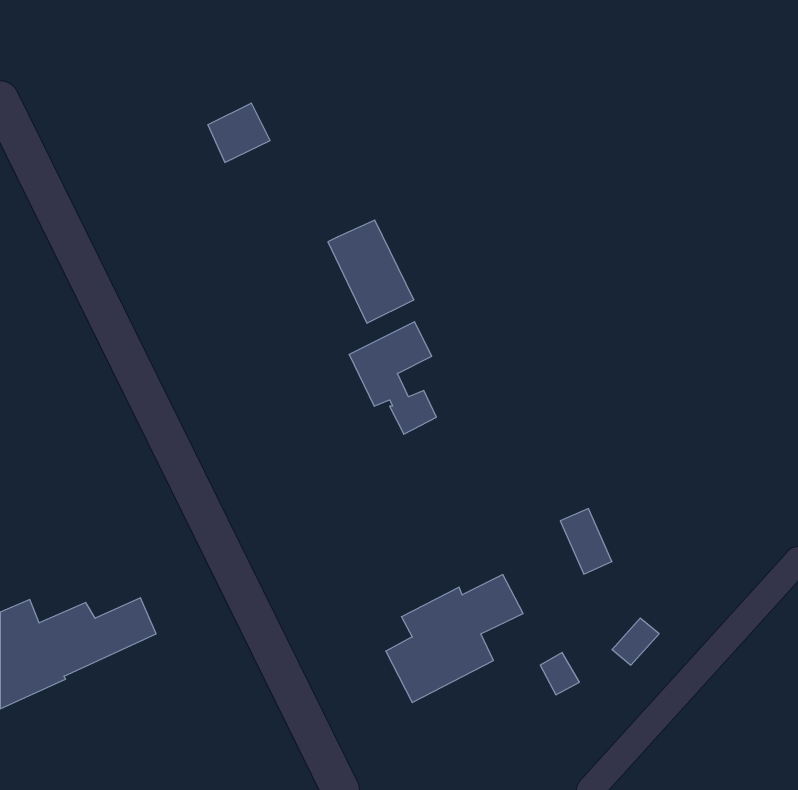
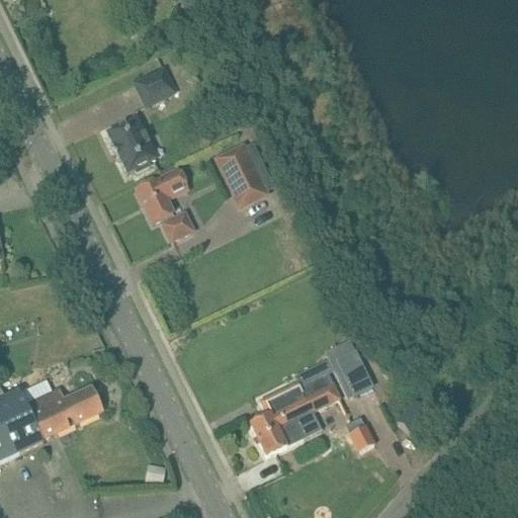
building: none -> [107,117,156,172]
building: [349,322,436,434] -> [136,168,192,241]
building: [560,509,612,574] -> [337,346,370,388]

